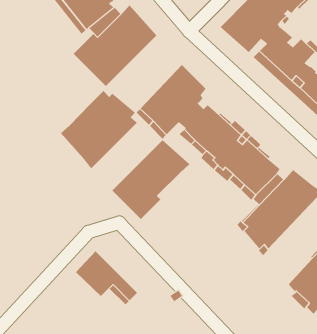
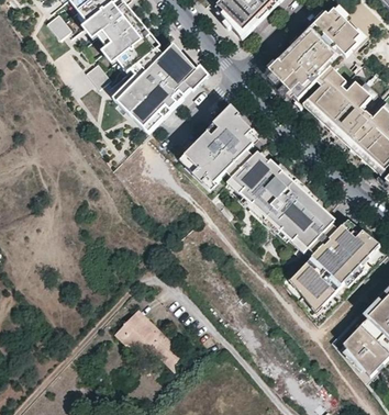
building: [60,90,138,169] -> none
building: [111,139,190,220] -> none

